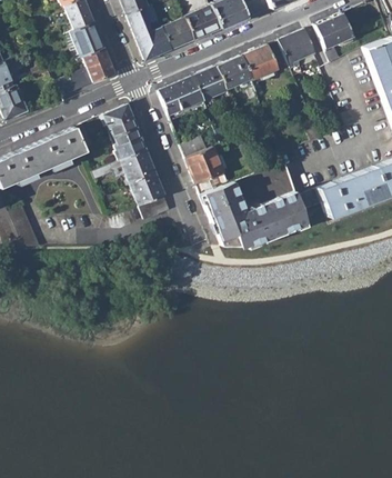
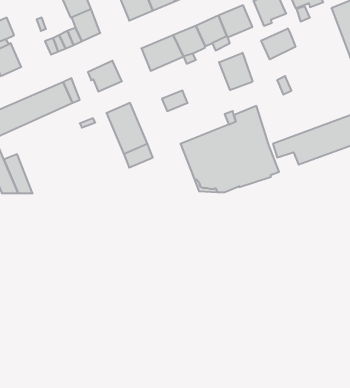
building: none -> [261,28,295,59]
building: none -> [219,53,253,90]
building: [112,127,147,161] -> none
building: [187,148,224,183] -> none

